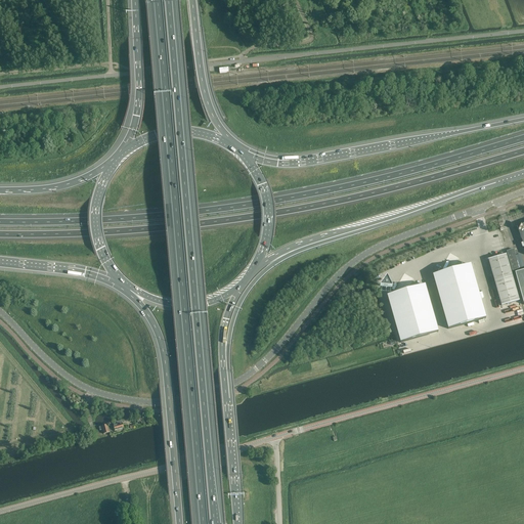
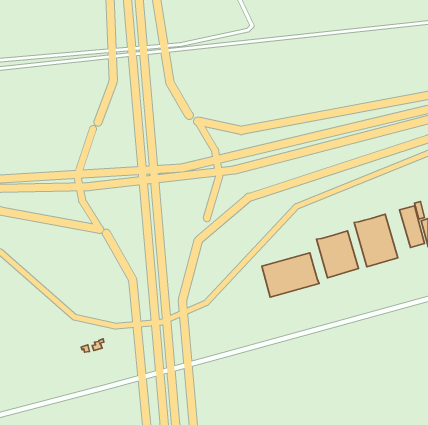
building: none -> [262,253,319,297]

